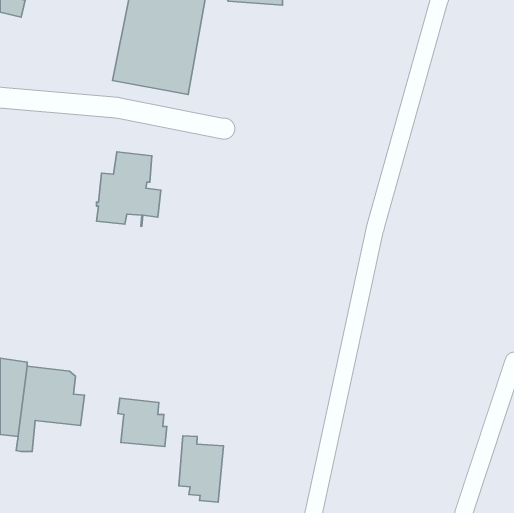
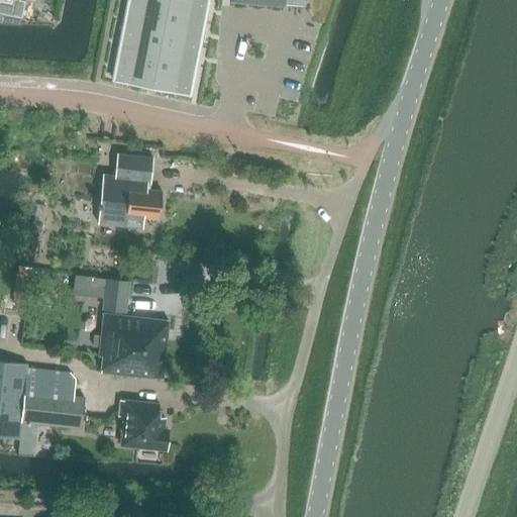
building: none -> [72,275,128,311]
building: none -> [99,314,169,379]
building: [179,436,223,502] -> none

